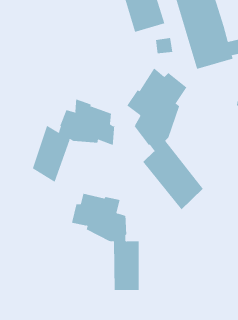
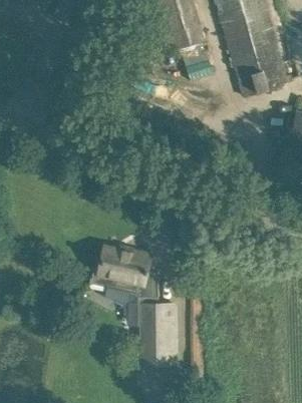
building: [127,68,203,210] -> none
building: [32,98,115,183] -> none

